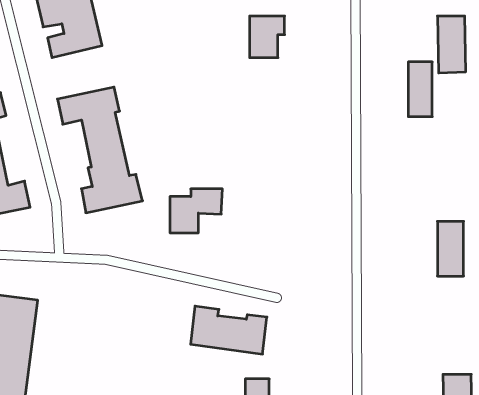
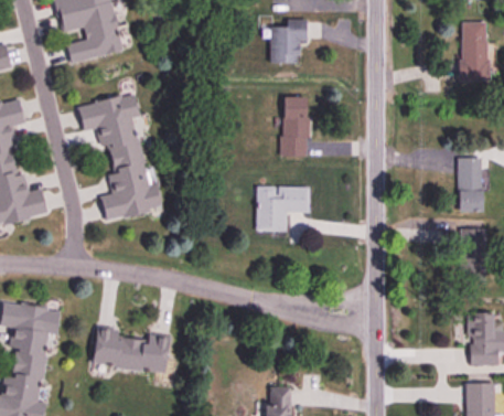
building: [408,62,432,117] -> [459,157,483,212]
building: none -> [281,96,308,156]
building: [170,189,222,233] -> [257,188,310,232]
building: none -> [468,312,495,365]
building: [191,306,267,354] -> [92,326,169,374]

